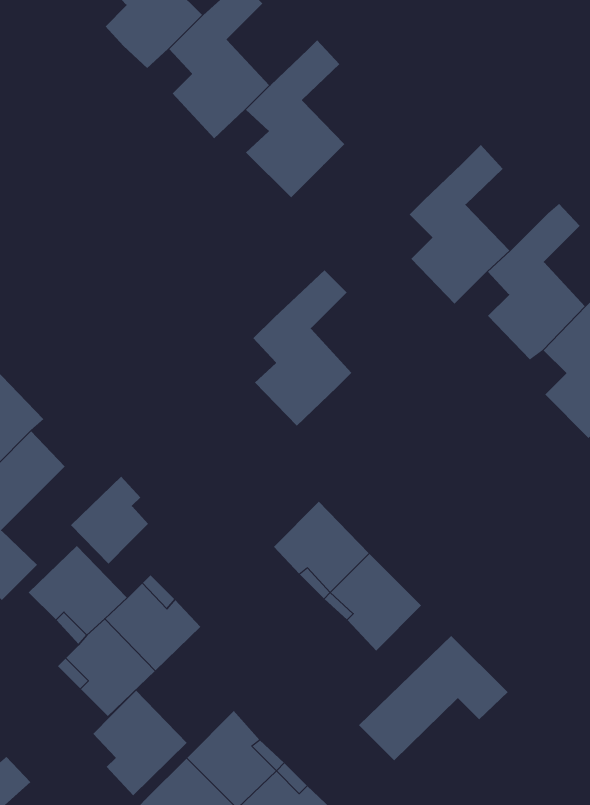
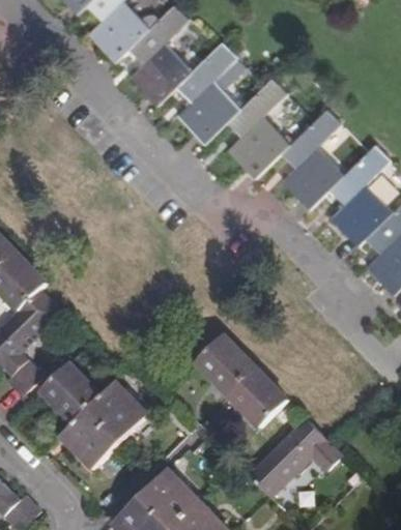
building: [253,270,352,427] -> [226,79,289,178]
building: [70,476,149,565] -> none
building: [93,690,188,796] -> none

